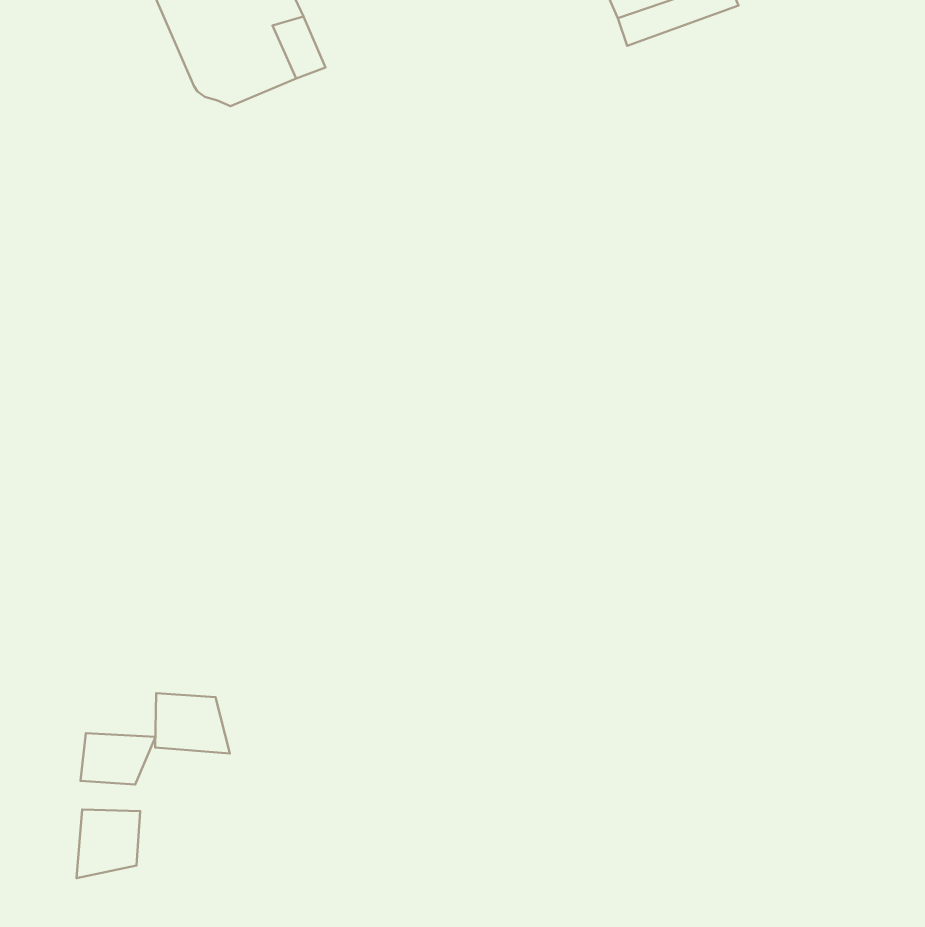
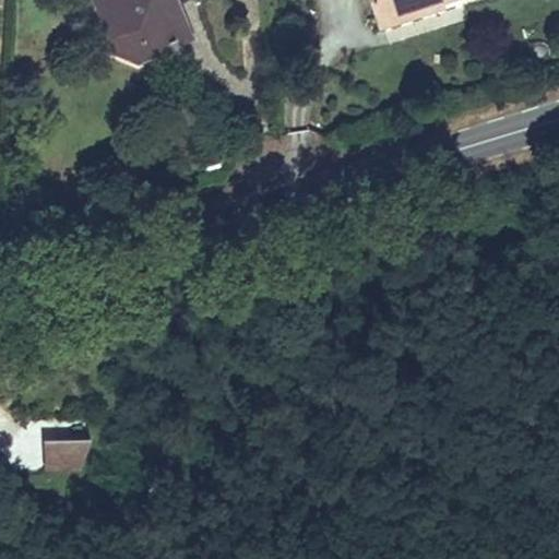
building: [155,693,230,754] -> none
building: [76,810,140,878] -> none

